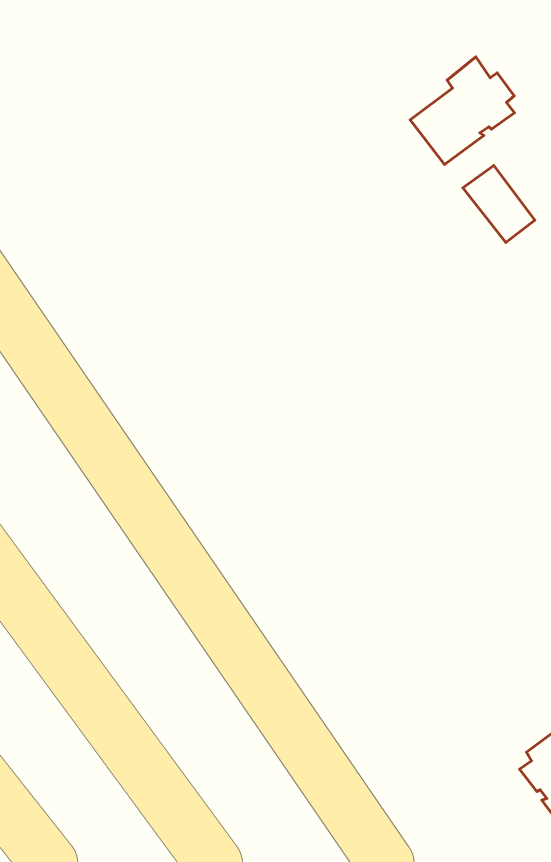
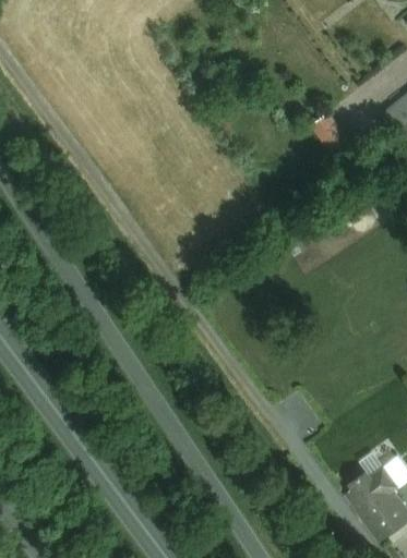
building: [410,57,514,164] -> none

